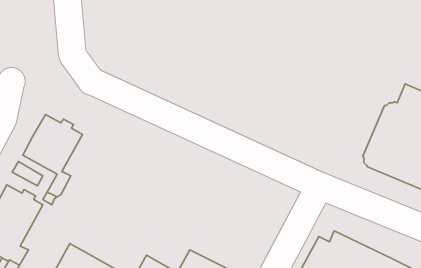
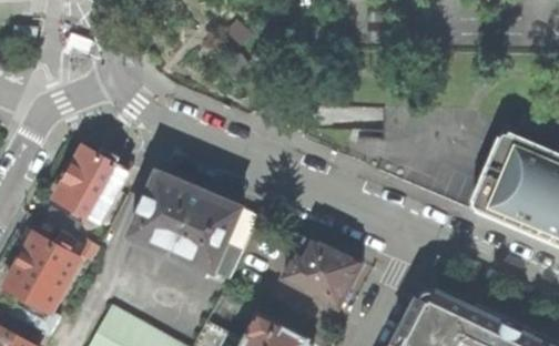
building: none -> [131,172,257,279]
building: none -> [283,240,363,306]

